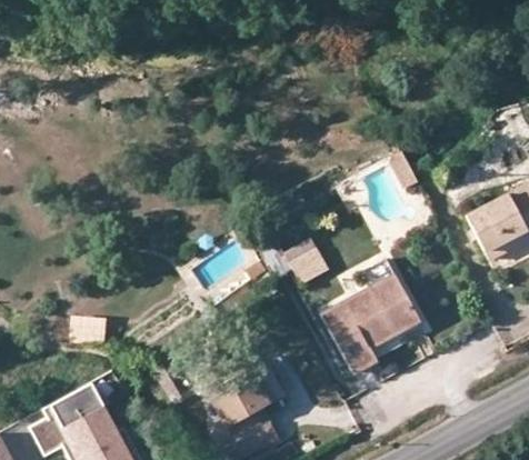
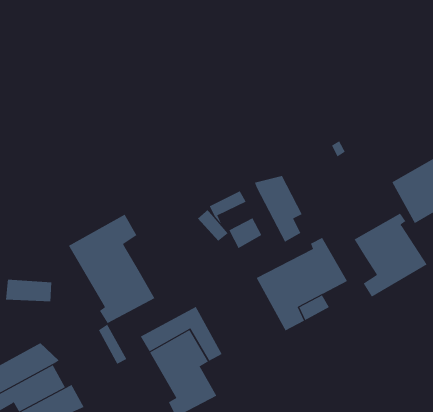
building: none -> [254,175,303,242]
building: none -> [354,213,427,297]
building: none -> [68,214,155,324]

